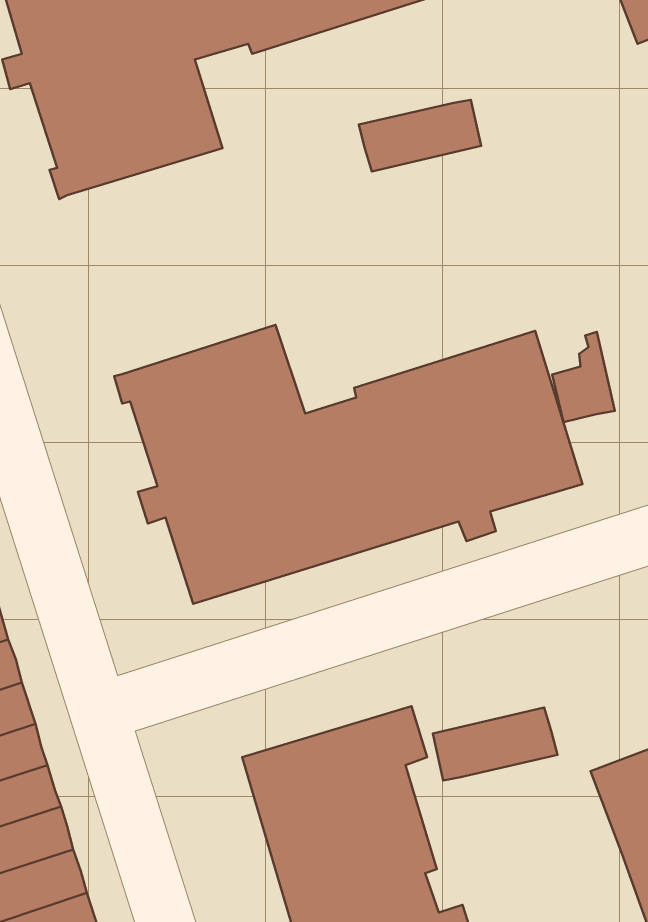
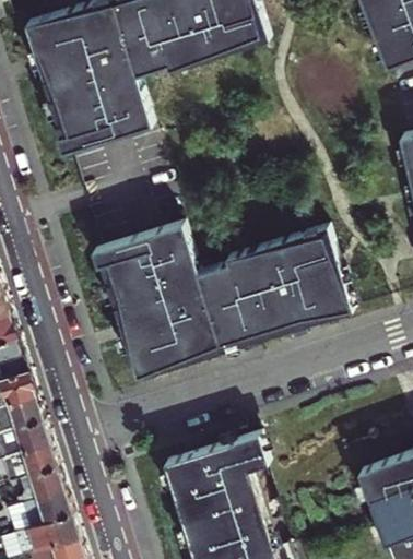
building: [359,100,481,172] -> none
building: [552,332,615,422] -> none
building: [433,707,557,780] -> none

